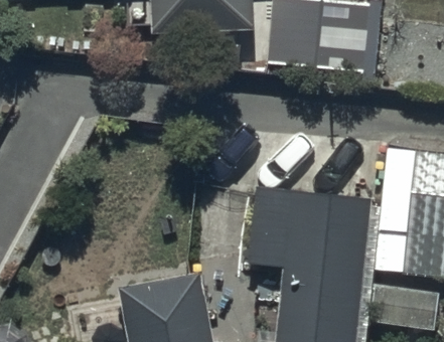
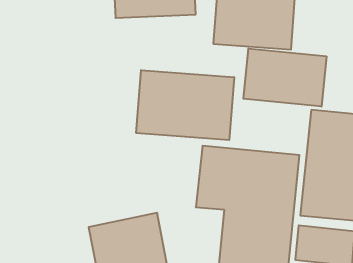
building: none -> [243,48,326,107]
building: none -> [136,70,234,140]

